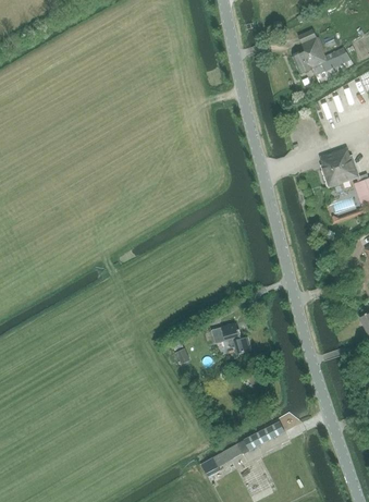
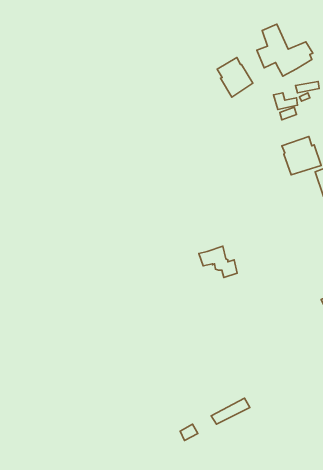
building: none -> [217,57,253,97]
building: [211,321,251,354] -> [199,246,237,277]

